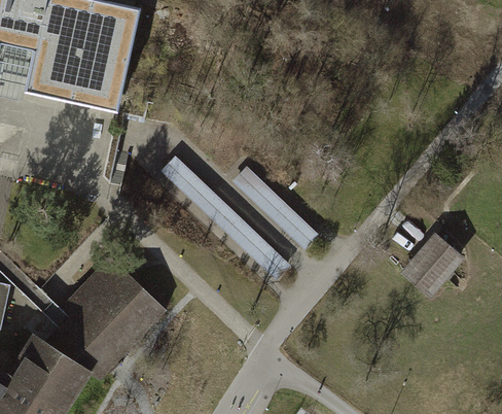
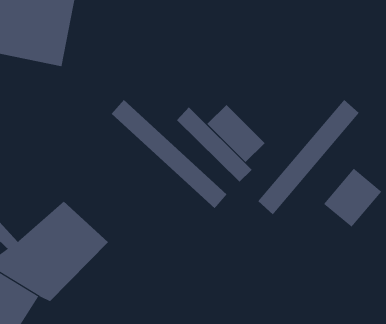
building: none -> [257,99,360,215]
building: none -> [207,104,266,163]

